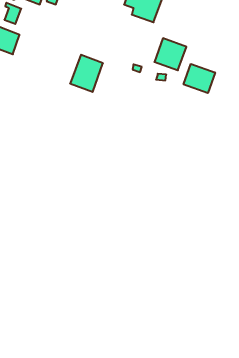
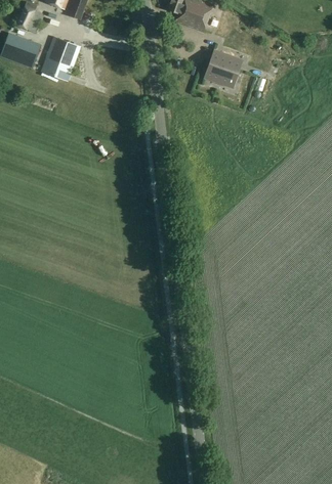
building: [70,55,103,92] -> [40,36,80,81]
building: [184,64,215,93] -> none

